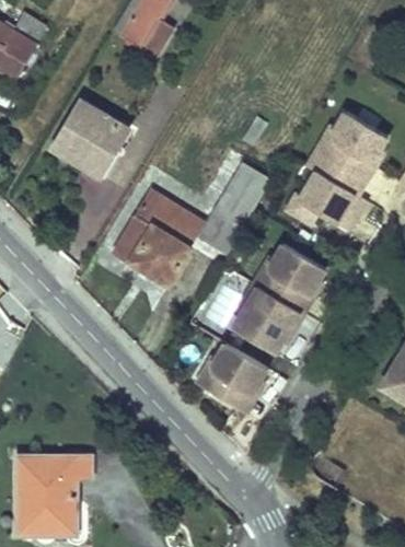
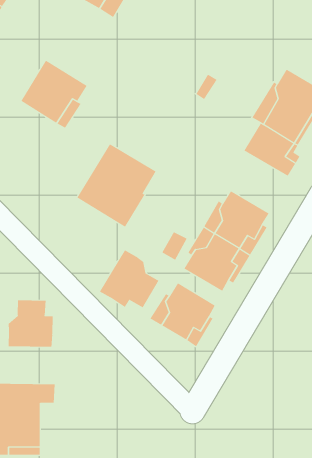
building: [199,165,269,255] -> none
building: none -> [99,249,159,308]
building: none -> [8,300,53,347]

